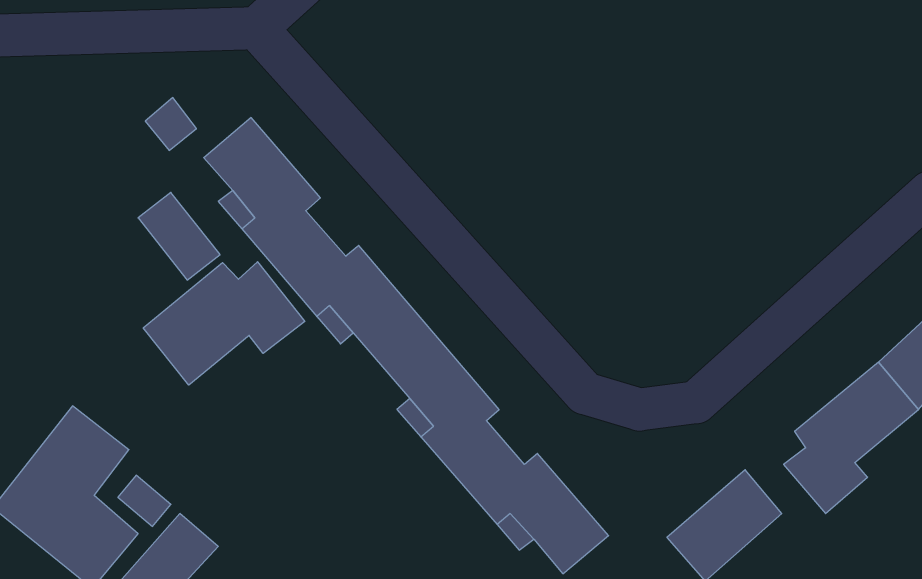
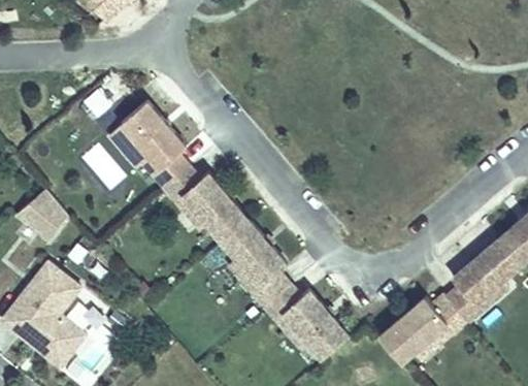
building: [143,262,305,385] -> none
building: none -> [20,189,74,243]

